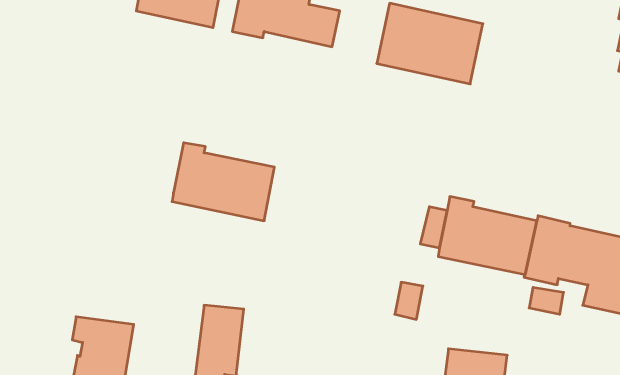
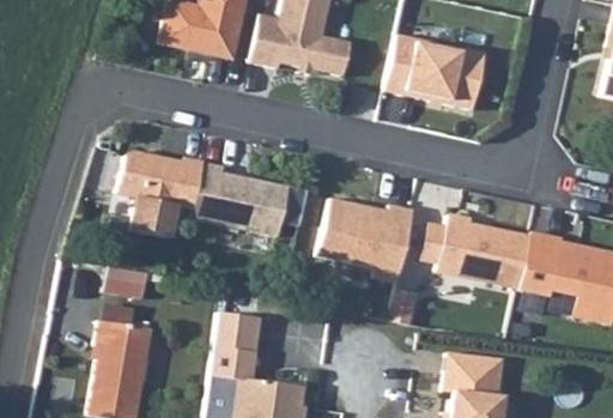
building: none -> [116,152,201,238]
building: none -> [318,199,413,281]
building: none -> [109,269,153,303]

